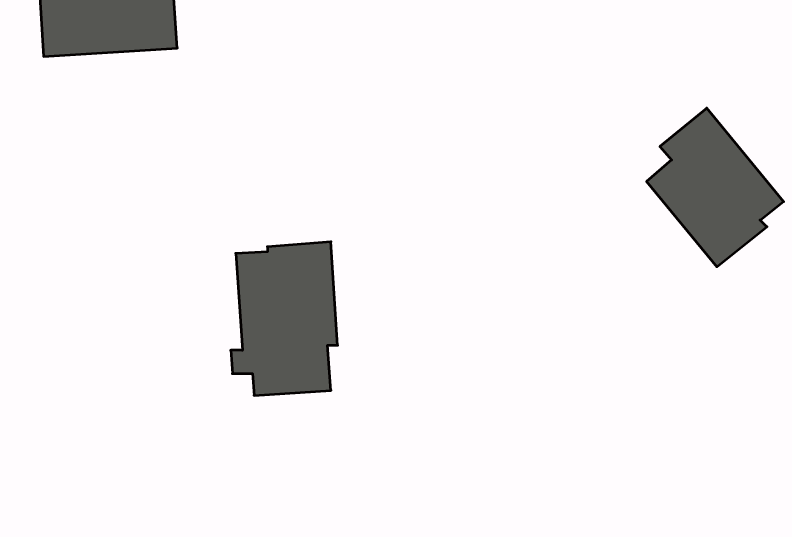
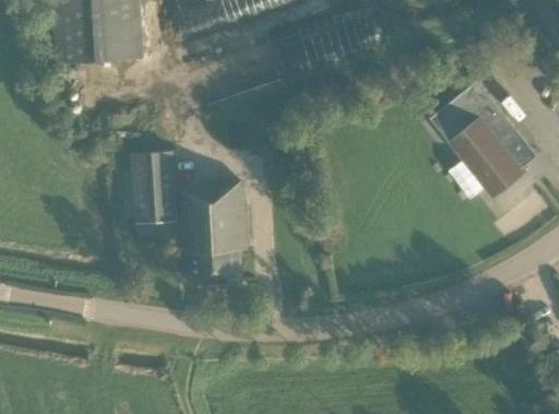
building: none -> [431,82,489,144]
building: none -> [133,152,178,224]

